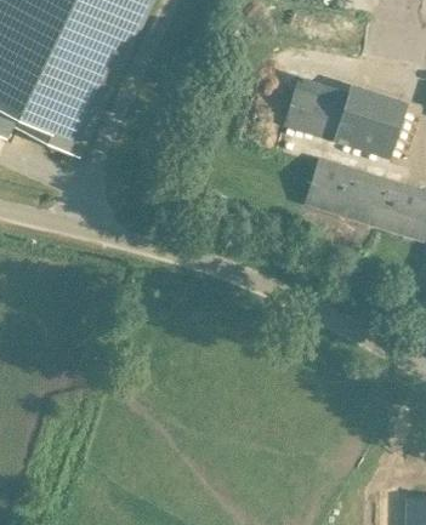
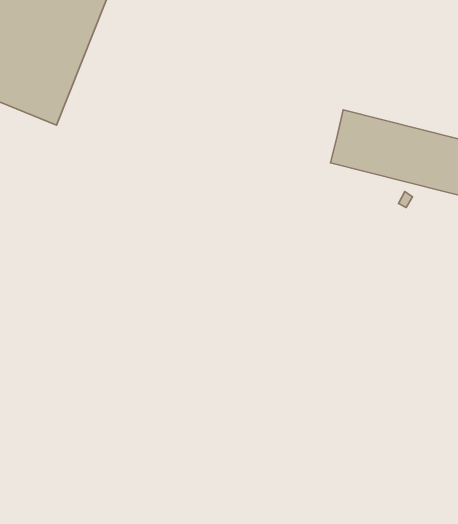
building: [283,80,404,158] -> none

